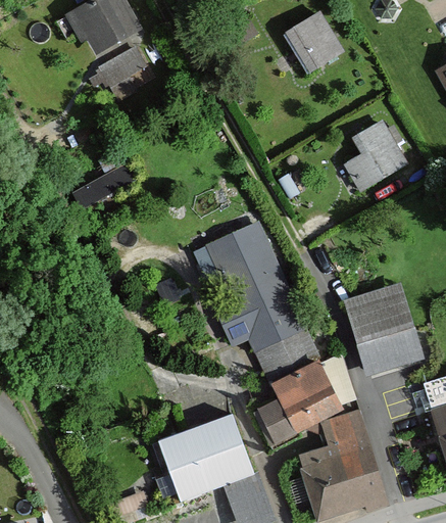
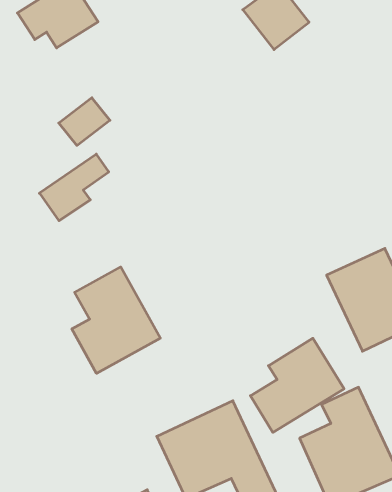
building: [95,44,145,89] -> [59,98,110,145]
building: [341,117,407,191] -> none
building: [189,220,313,370] -> none
building: none -> [72,267,160,373]

